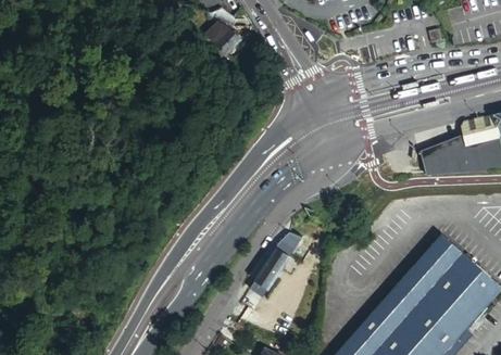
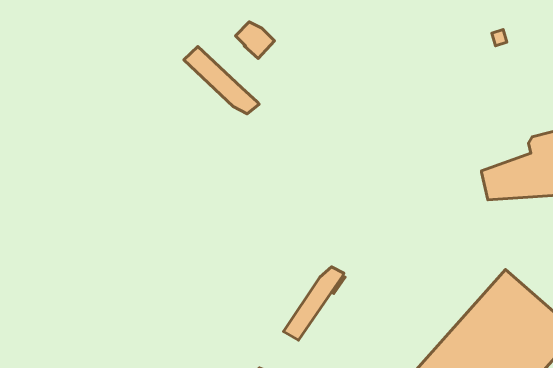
building: none -> [184,47,259,114]

